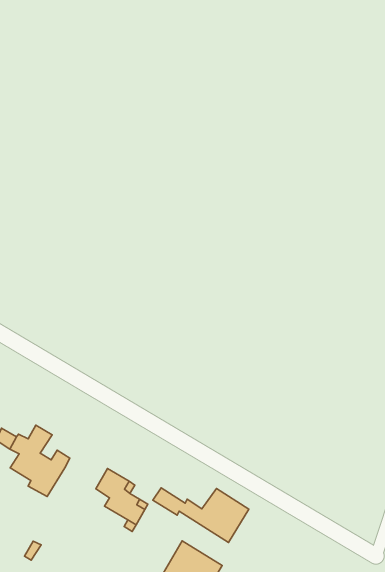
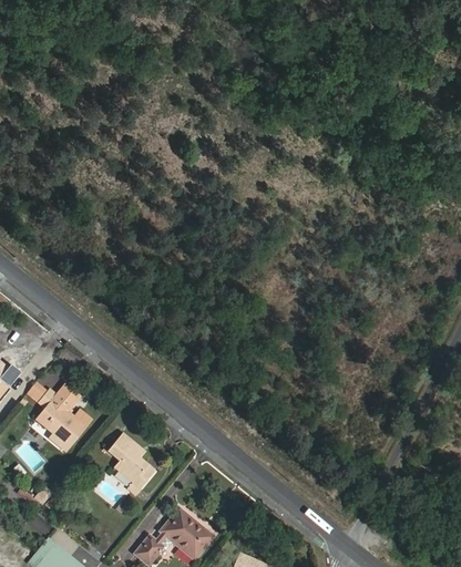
building: [153,488,249,543] -> none

